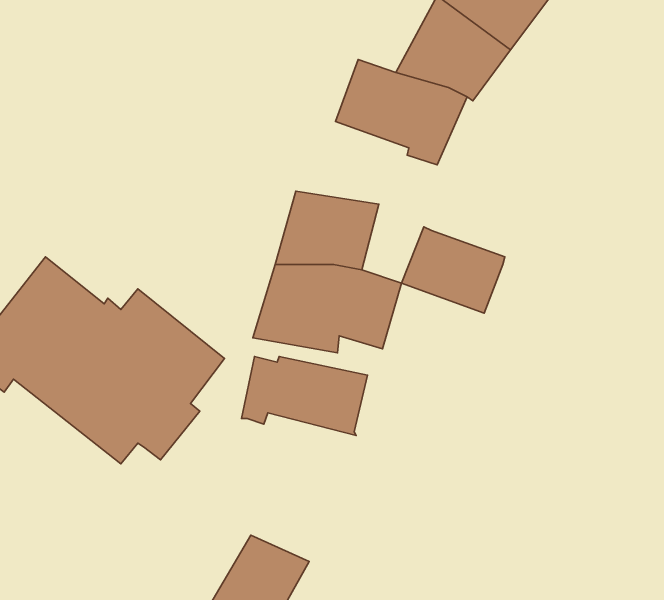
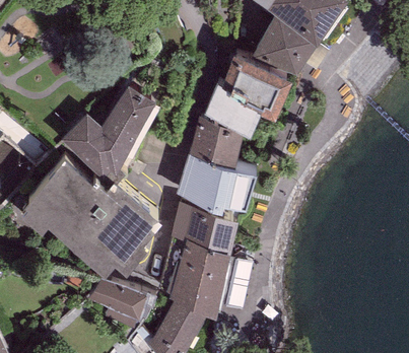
building: none -> [61,87,154,169]
building: [401,227,505,313] -> [204,78,260,125]
building: none -> [159,237,231,308]
building: none -> [91,283,145,320]

